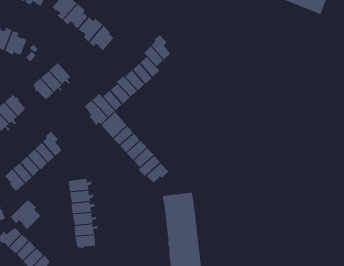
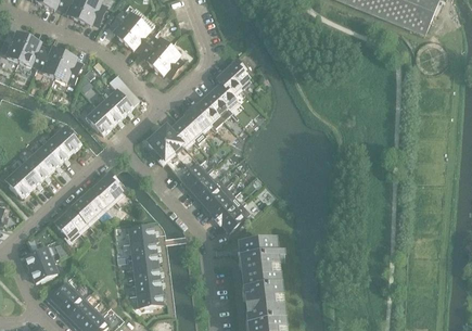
building: [10,199,41,230] -> none

